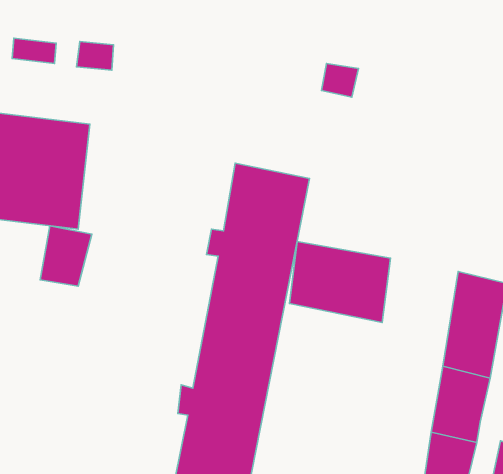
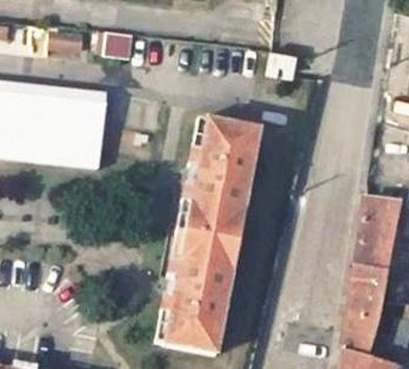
building: [40,226,92,286] -> none
building: [289,241,391,322] -> none

